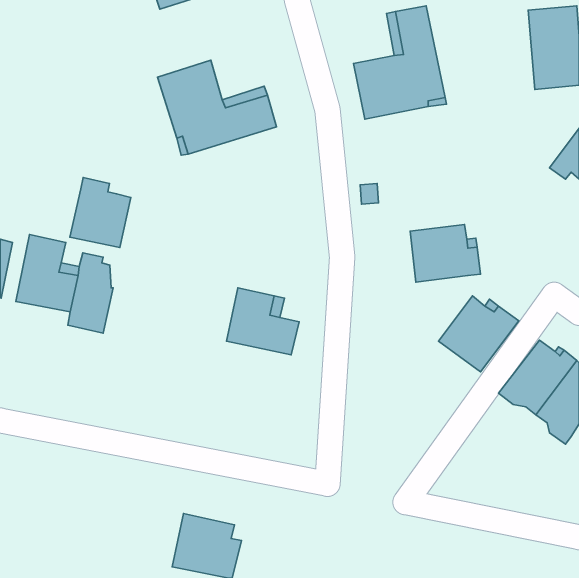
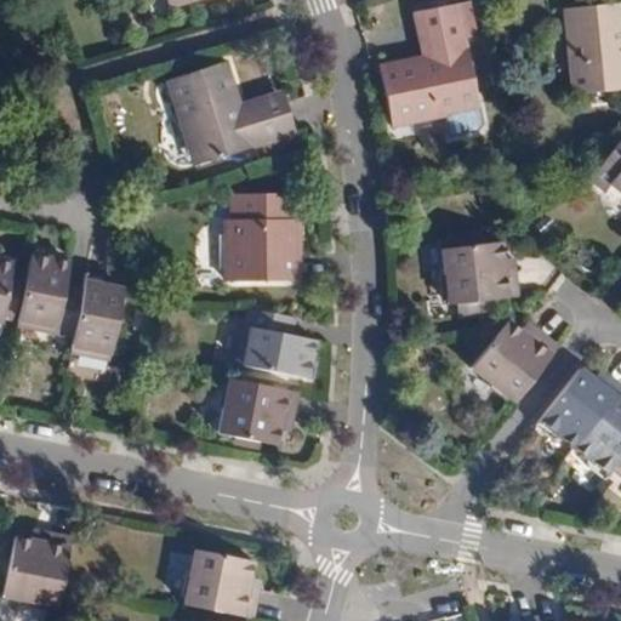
building: [70,177,131,248] -> none
building: none -> [226,196,298,283]
building: none -> [218,375,296,445]
building: none -> [5,532,70,608]

